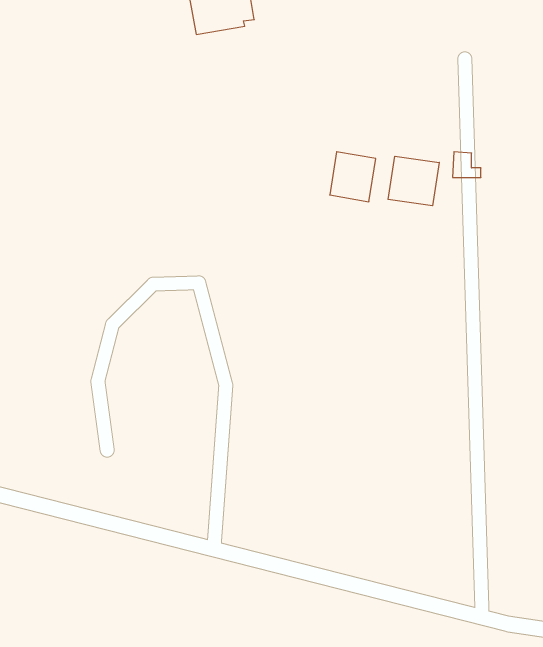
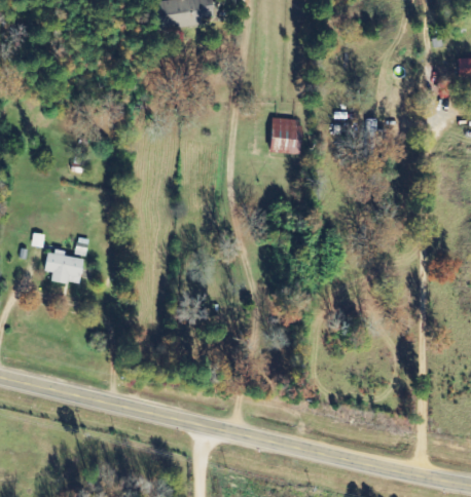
building: [388,156,439,206] -> none
building: none -> [42,249,83,283]

